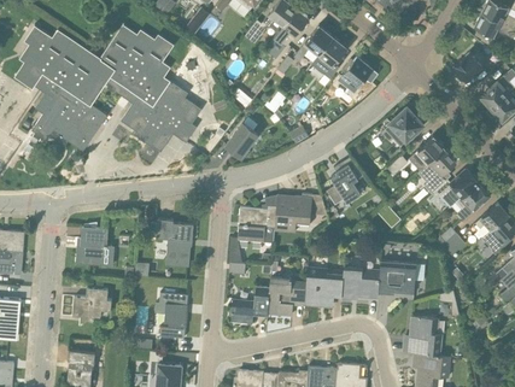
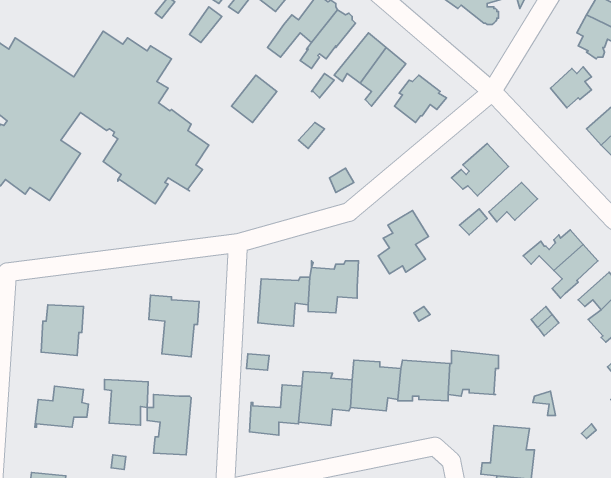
building: [224,123,258,158] -> [231,75,277,122]
building: [417,148,456,193] -> none
building: none -> [104,380,148,425]

